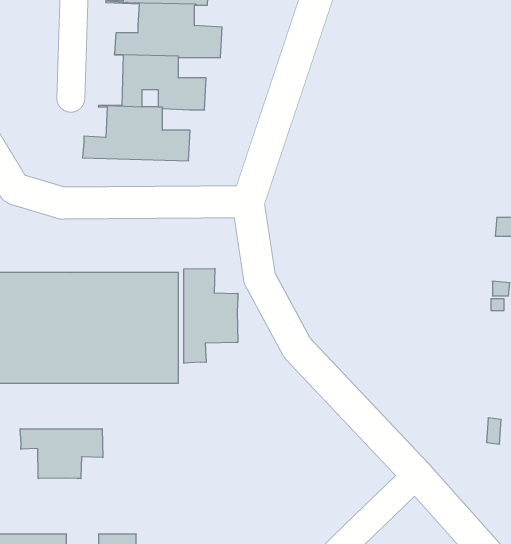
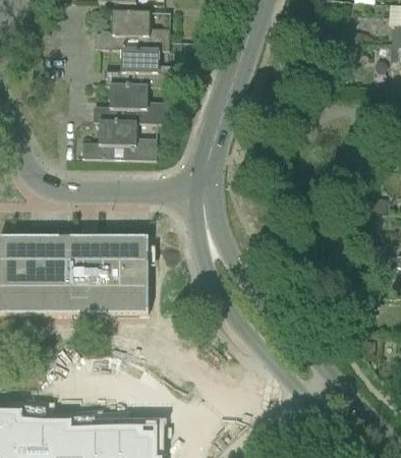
building: [184,268,238,363] -> none
building: [20,429,103,479] -> none

